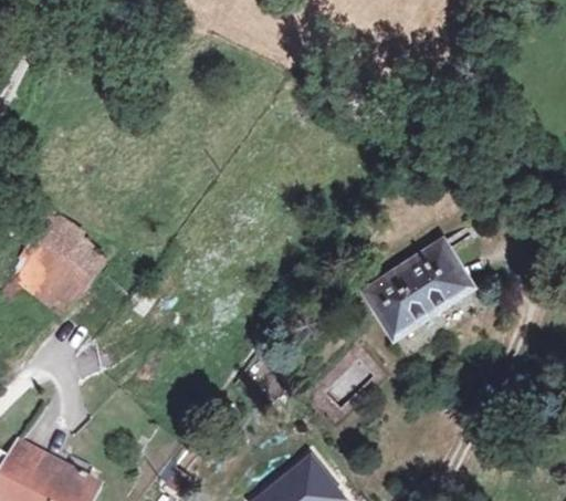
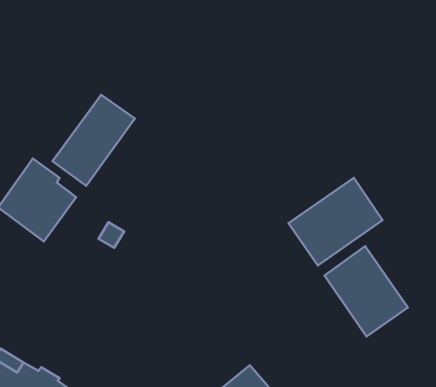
building: none -> [52,95,135,186]
building: none -> [324,246,408,336]

